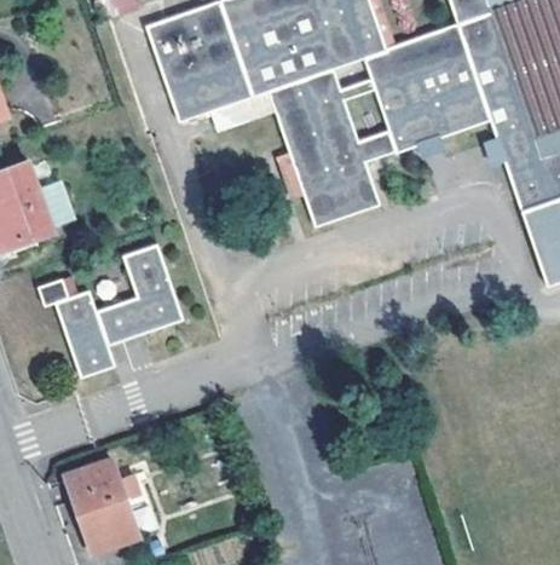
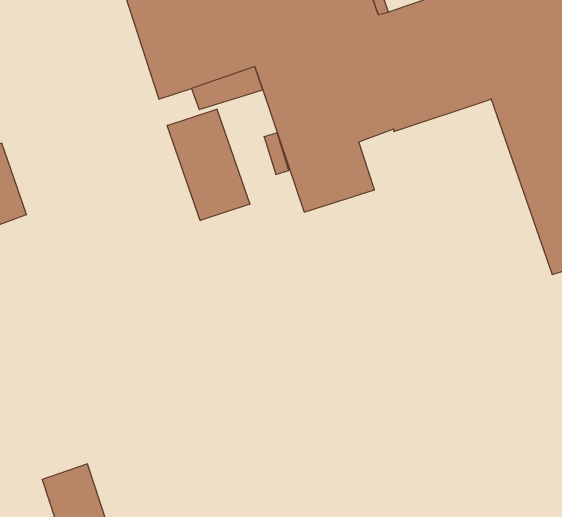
building: none -> [167,109,250,221]
building: [39,243,180,377] -> none

